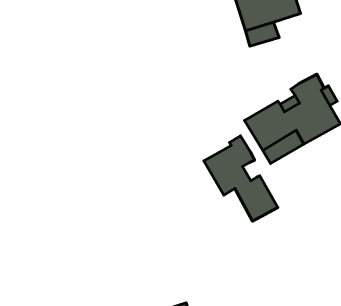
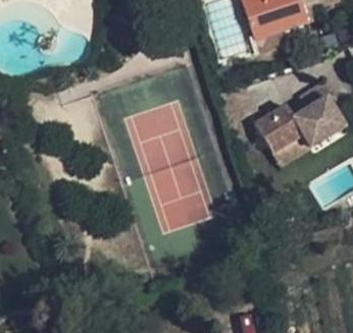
building: [204,136,278,221] -> none

